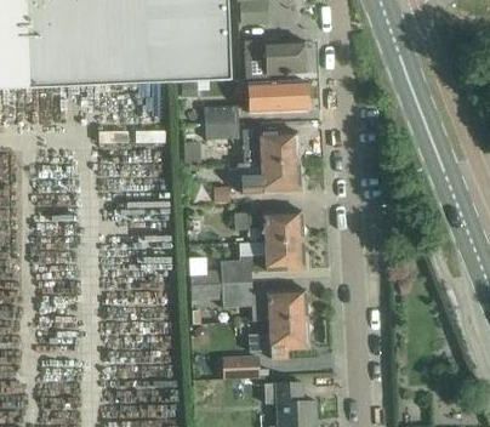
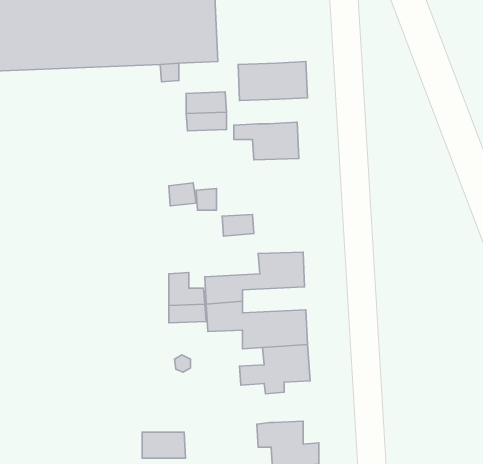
building: [244,40,304,75] -> none
building: [232,161,300,194] -> none
building: [263,210,302,241] -> none
building: [223,354,260,376] -> [142,432,186,458]

